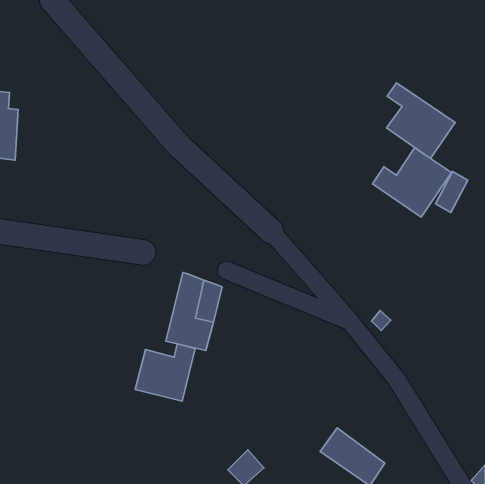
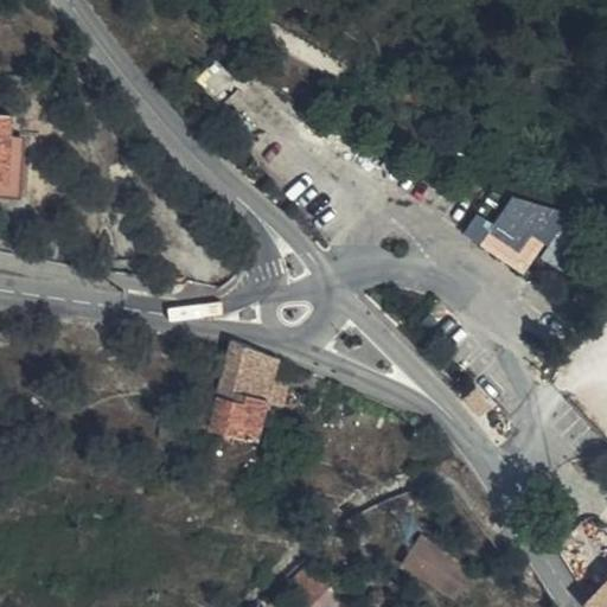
building: [387,83,455,158] -> none
building: [135,344,195,401] -> none

